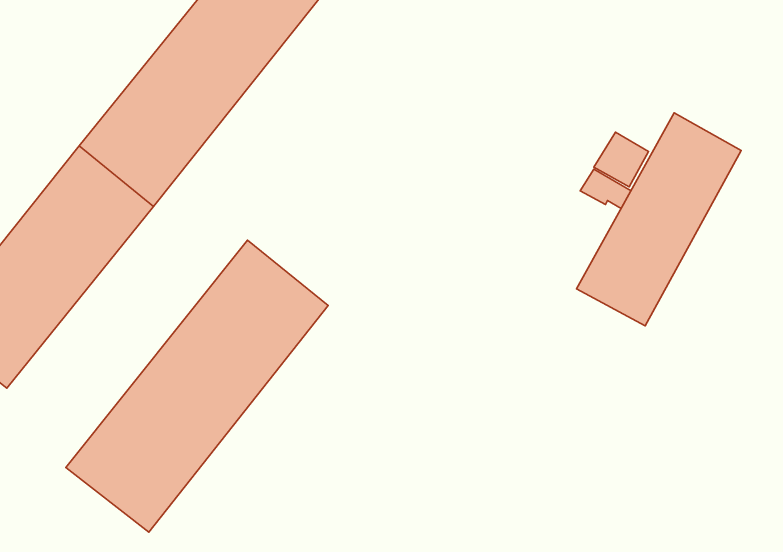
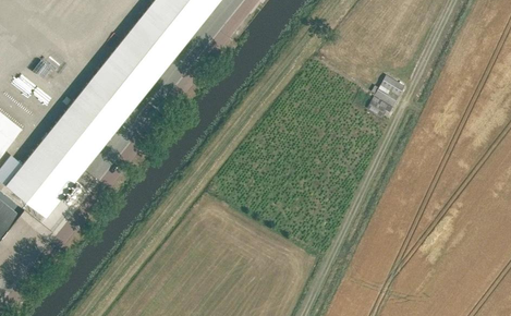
building: [577,113,741,326] -> none
building: [66,240,328,532] -> none

